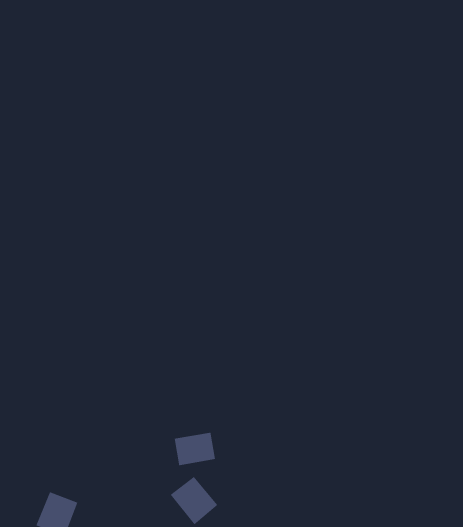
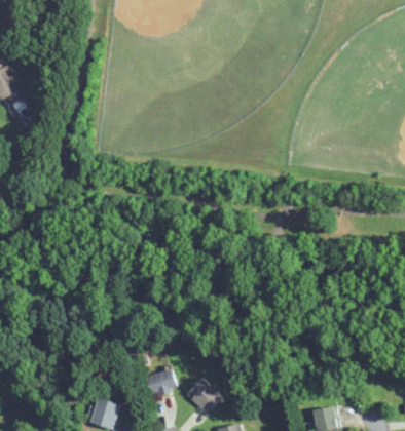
building: [174,432,216,466] -> [145,369,177,396]

